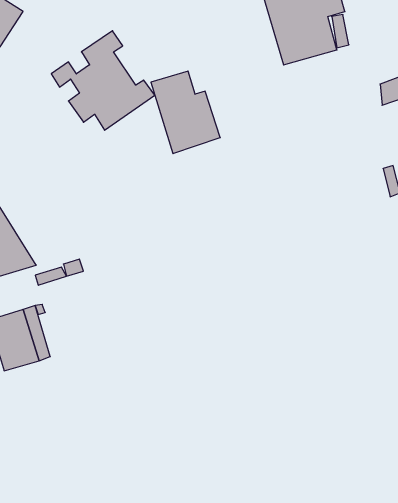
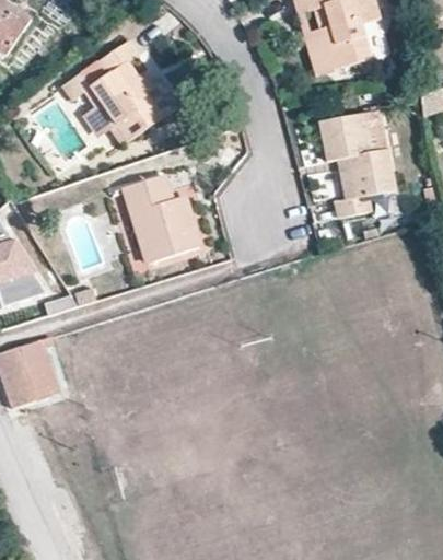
building: [151,71,220,154] -> [125,174,200,264]
building: none -> [320,109,394,218]

